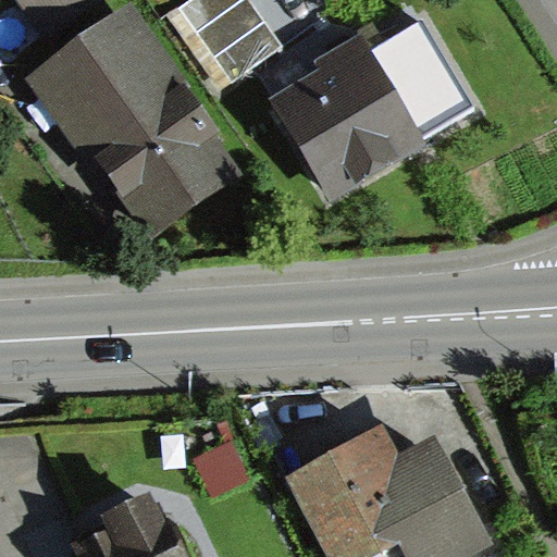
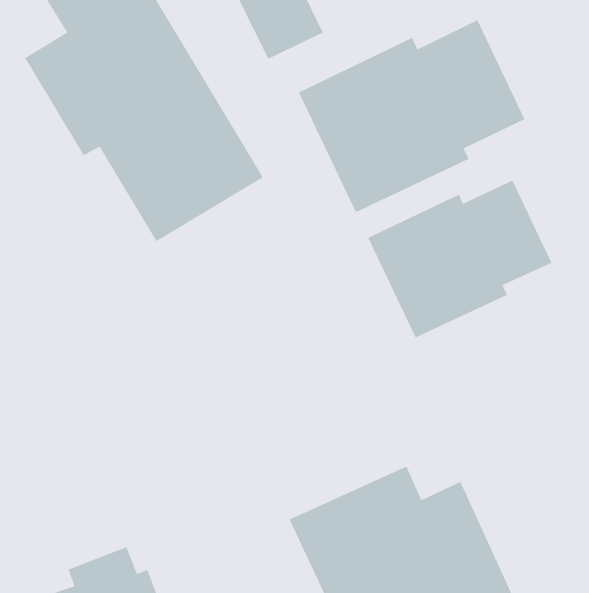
building: none -> [367,179,552,338]

